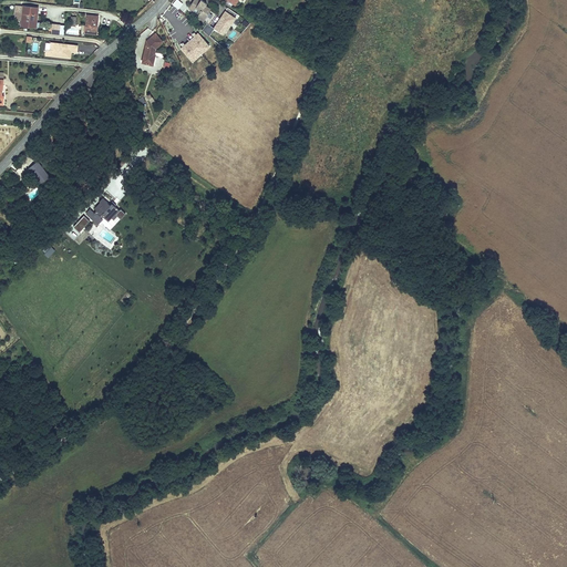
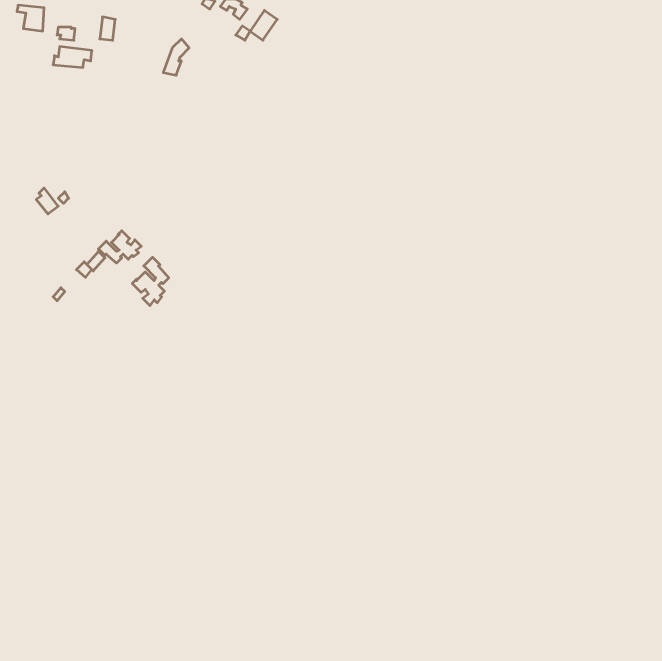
building: [181,31,212,61] -> none
building: none -> [132,257,169,306]

